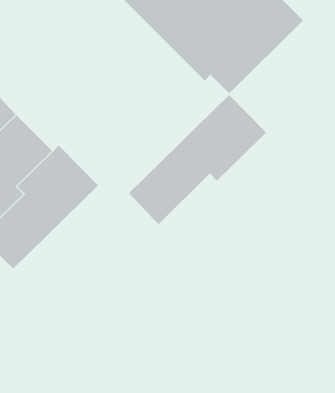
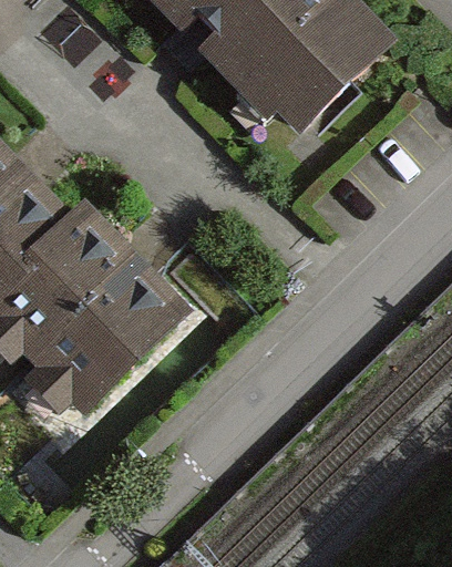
building: [128,94,267,225] -> none
building: none -> [19,258,183,409]

